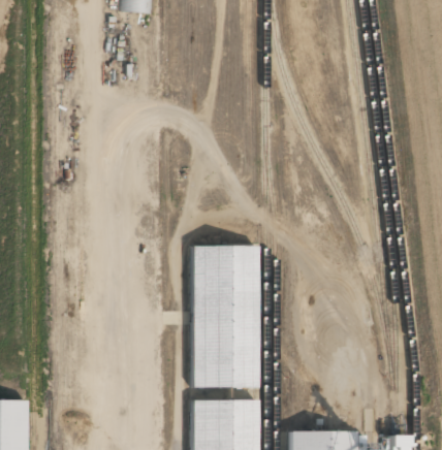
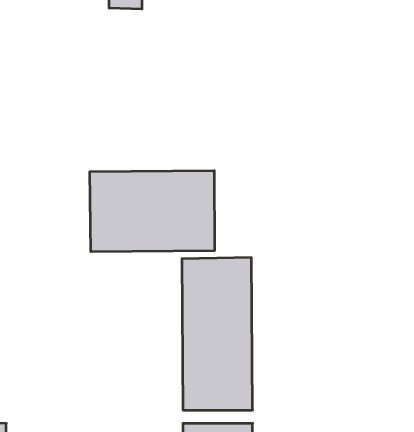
building: none -> [90,171,214,252]

